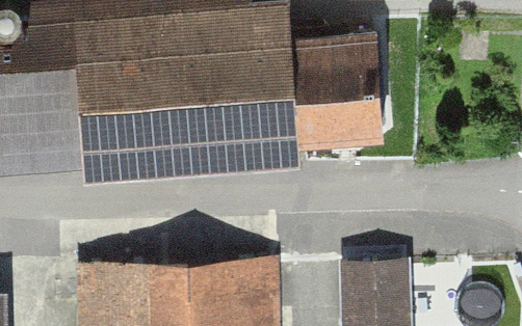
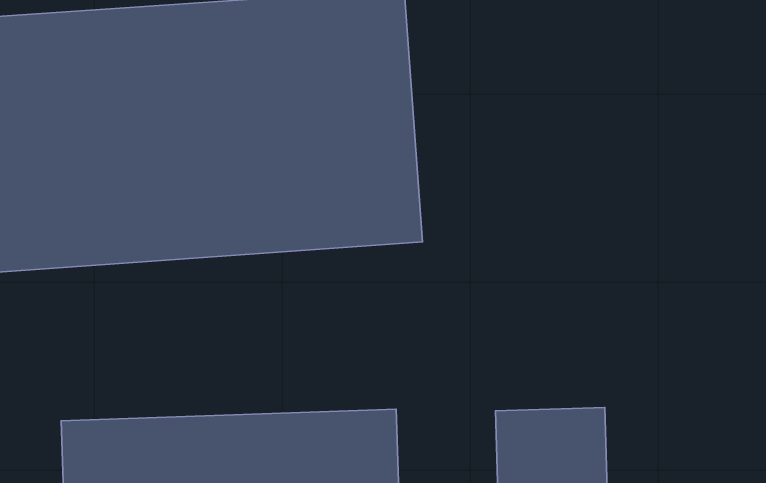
building: [290,32,374,138] -> none

